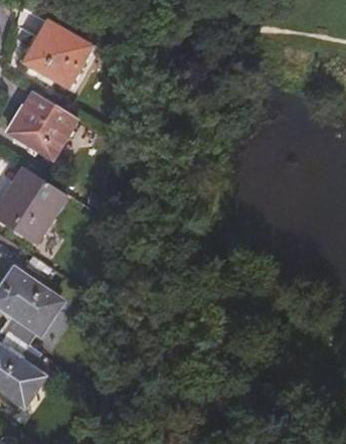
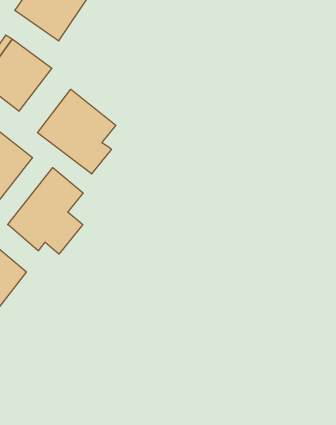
building: none -> [38,89,116,174]
building: none -> [8,168,83,254]

